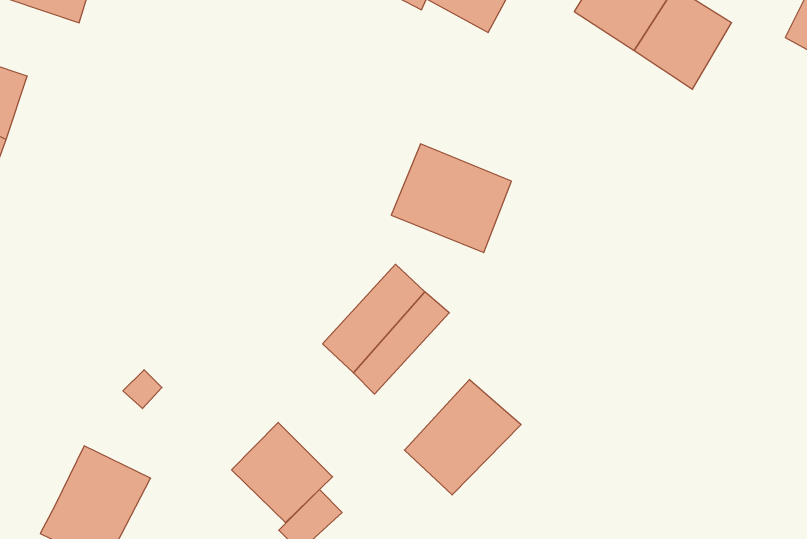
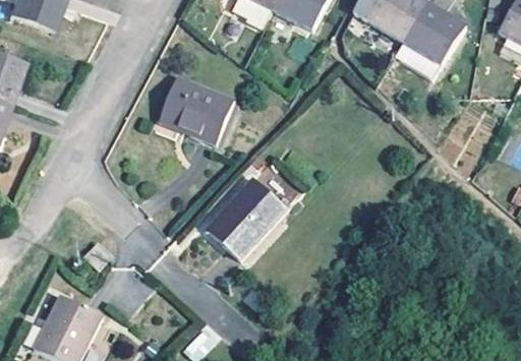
building: [391,144,511,253] -> [157,77,232,145]
building: [404,379,521,495] -> none
building: [232,422,333,523] -> none

